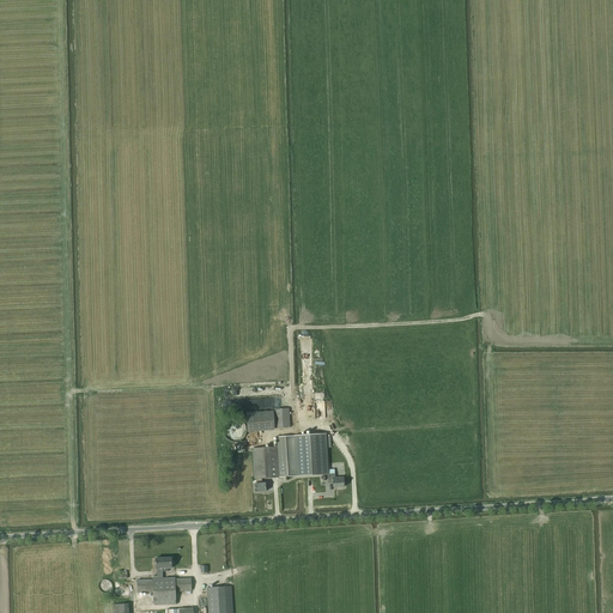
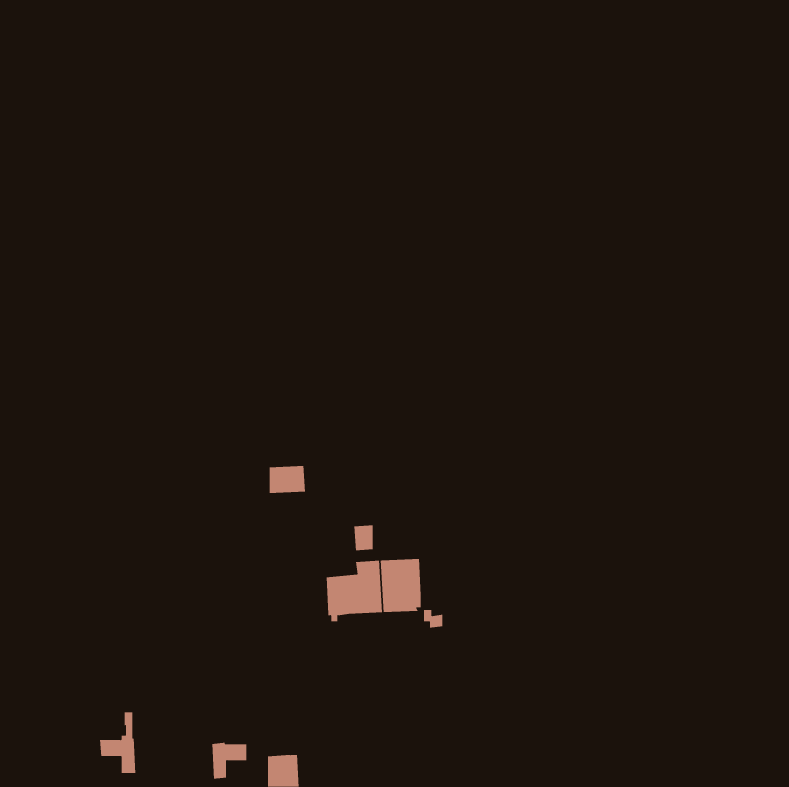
building: [244,409,273,431] -> [269,466,306,493]
building: [136,557,165,605] -> [99,712,136,774]

